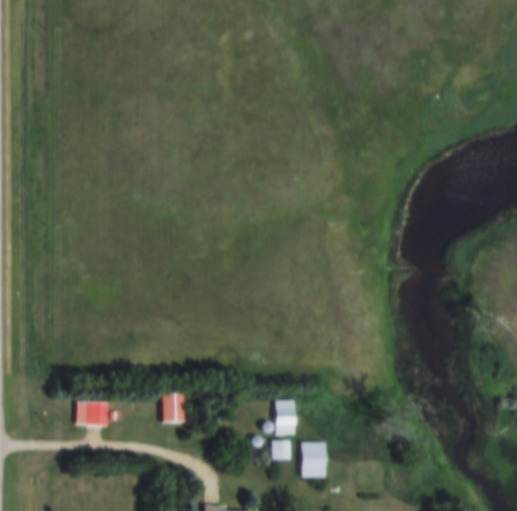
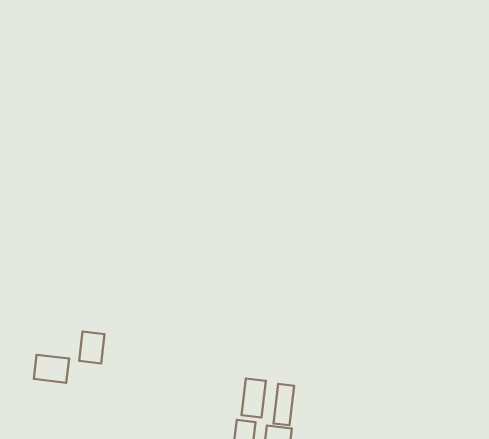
building: [162,393,183,421] -> [79,332,104,363]
building: none -> [273,384,294,425]

